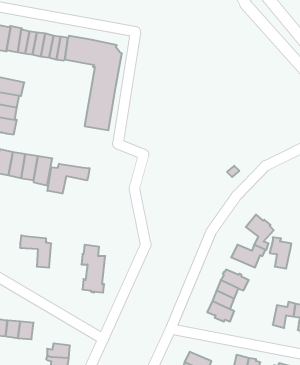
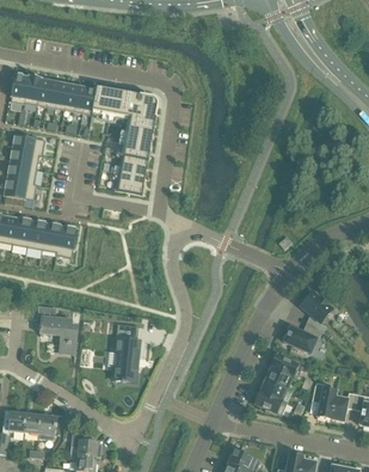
building: [47,164,89,194] -> none
building: [270,237,291,269] -> [310,381,336,417]

